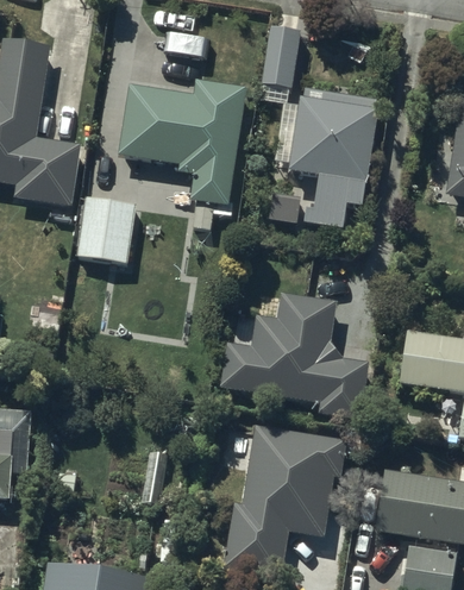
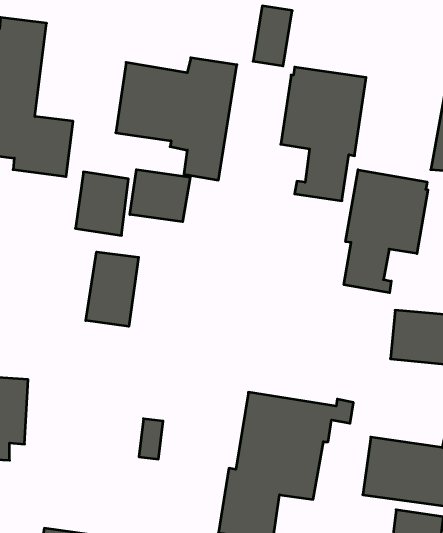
building: none -> [130,170,190,222]
building: none -> [344,170,428,293]
building: none -> [86,252,139,326]
building: [221,293,366,418] -> none

